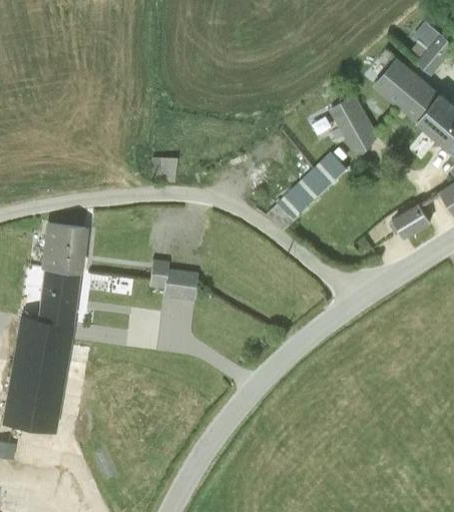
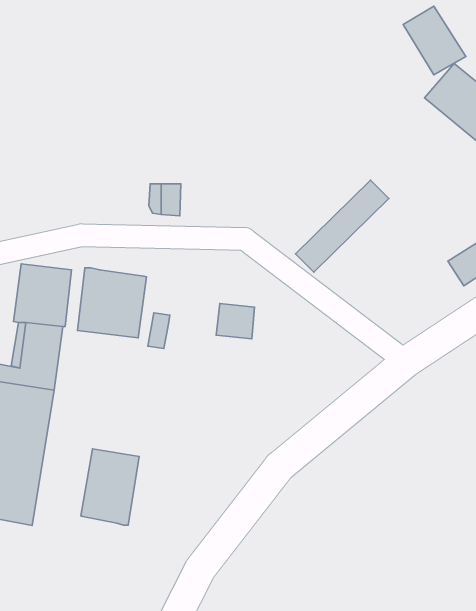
building: [329,95,380,151] -> [403,6,466,75]
building: none -> [78,268,147,338]
building: [162,272,193,301] -> [216,303,254,339]
building: none -> [81,449,139,525]

